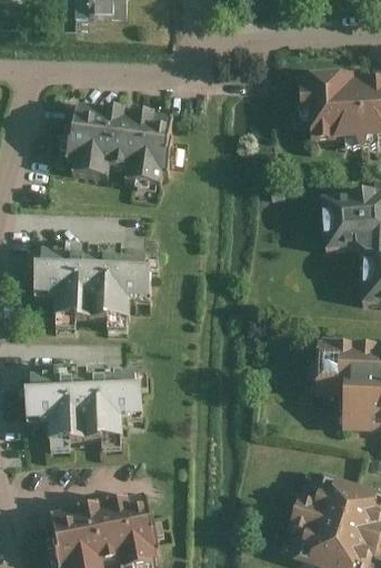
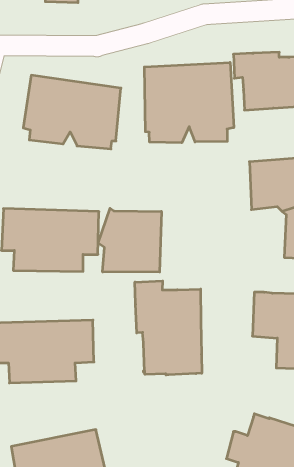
building: none -> [144,62,234,143]
building: none -> [98,208,161,272]
building: none -> [135,281,202,375]

